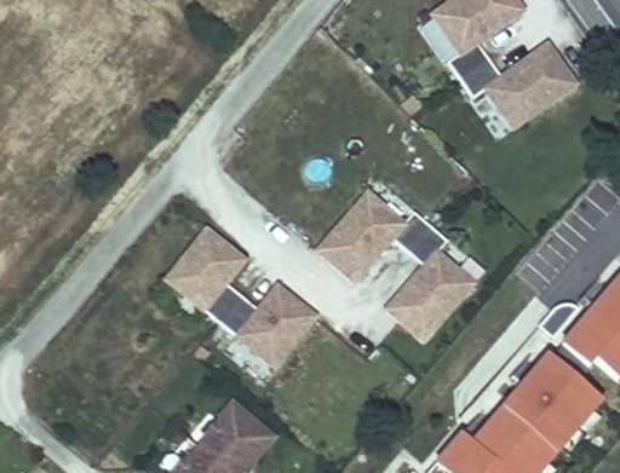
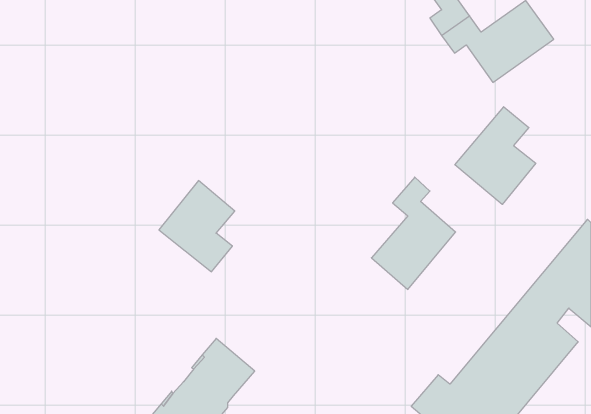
building: none -> [455,107,536,204]
building: [321,194,435,284] -> none
building: [224,288,320,369] -> none

